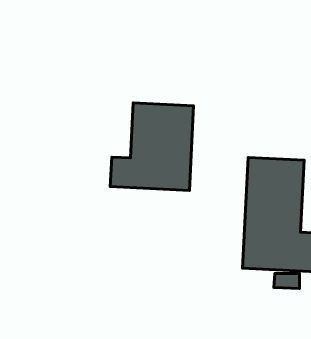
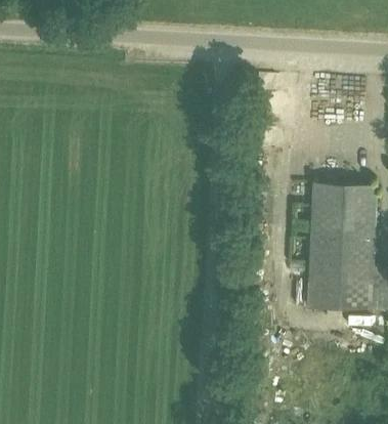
building: [110,103,194,191] -> none

